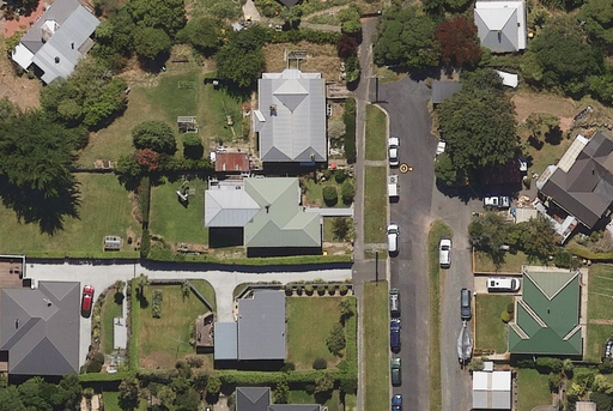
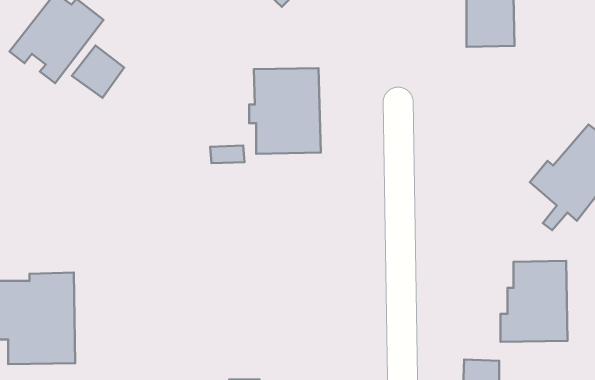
building: none -> [72,45,124,98]
building: [207,176,320,246] -> none
building: [212,292,283,362] -> none

